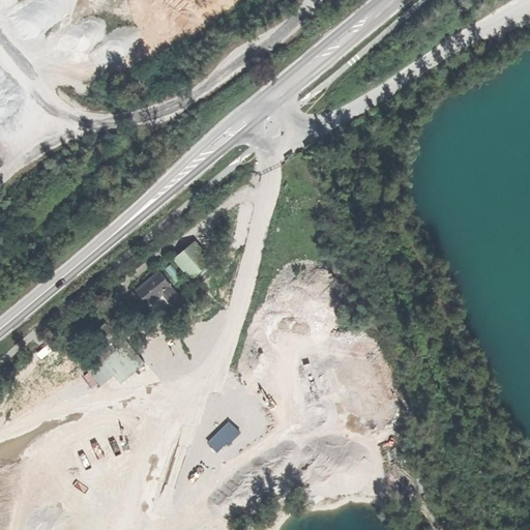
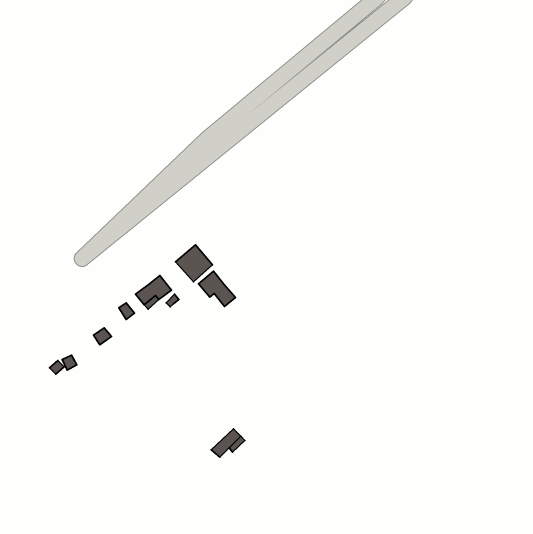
building: none -> [198,271,236,306]

